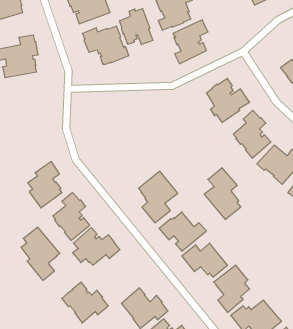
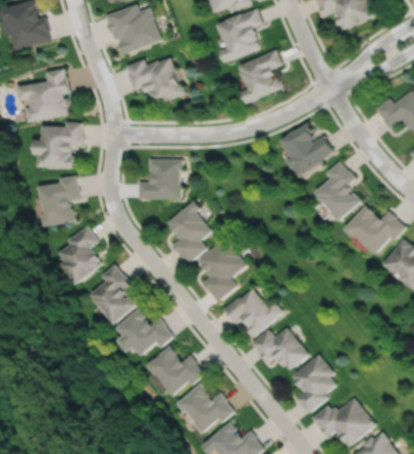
building: [120,9,153,45] -> none
building: none -> [34,120,85,167]
building: none -> [139,158,182,198]
building: none -> [38,174,82,225]
building: none -> [168,201,210,263]
building: [204,168,241,220] -> none
building: [21,227,60,281] -> none
building: [62,282,108,323] -> [145,345,203,396]

